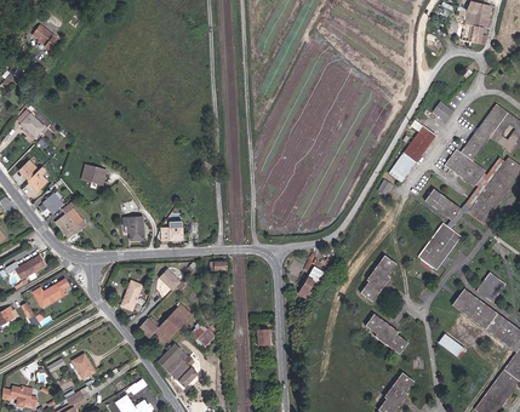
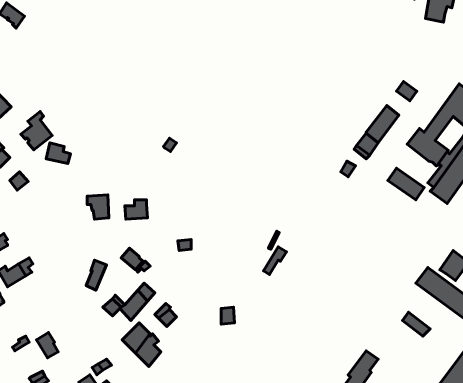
building: [55,199,86,238] -> [21,111,52,150]
building: [418,223,461,270] -> none
building: [360,256,396,302] -> none
building: [365,314,408,354] -> none

